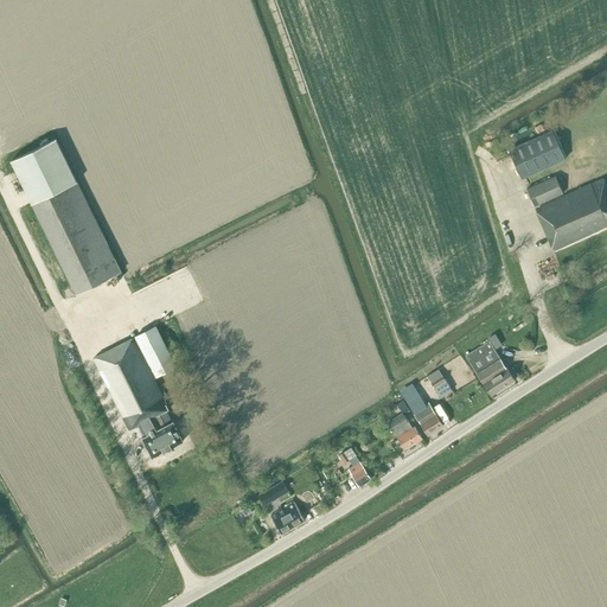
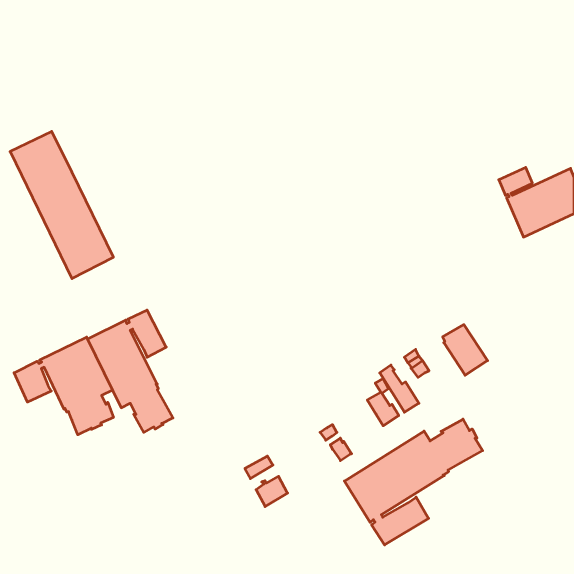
building: [509,130,564,179] -> none
building: none -> [14,337,113,435]
building: none -> [344,419,483,545]

